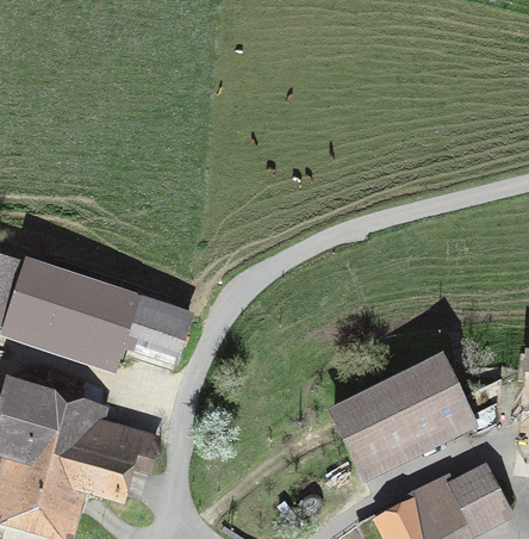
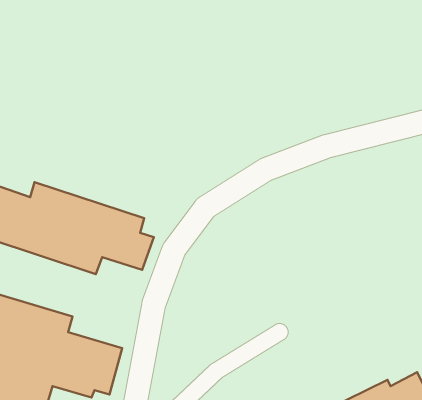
building: [335,368,467,473] -> none

